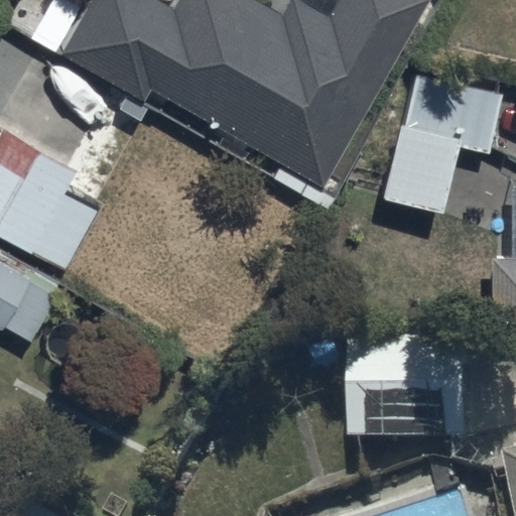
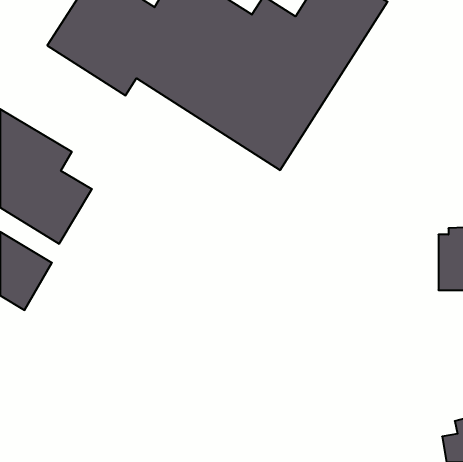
building: [383,71,505,211] -> none
building: [345,348,470,454] -> none

